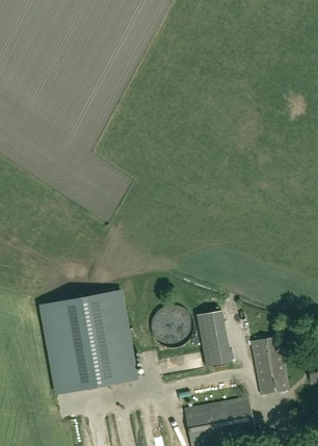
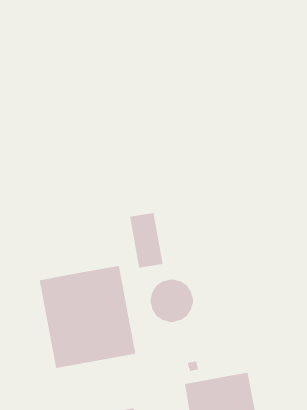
building: [196,310,231,366] -> [129,212,164,269]
building: [250,336,289,394] -> none

